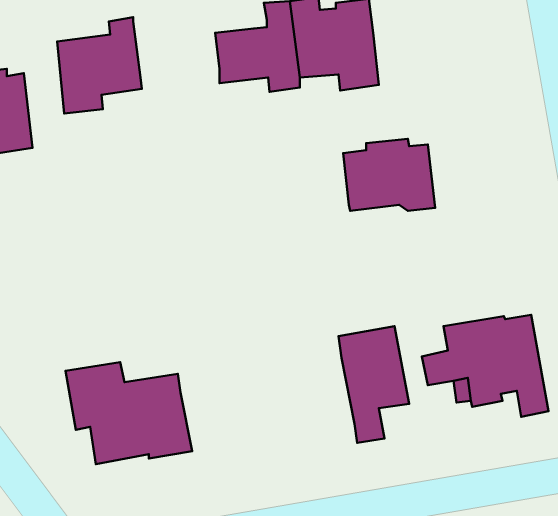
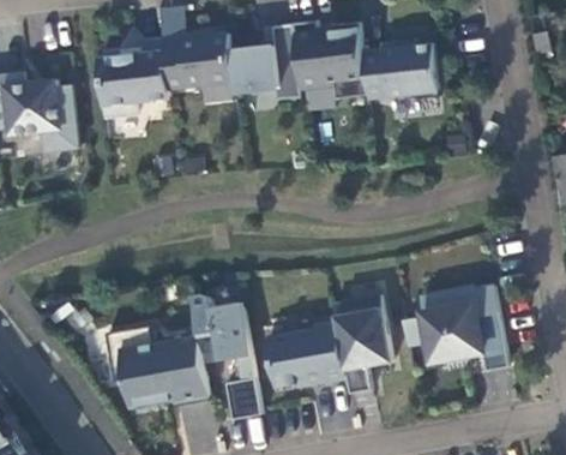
building: none -> [161,34,233,88]
building: [343,139,435,211] -> [361,38,438,98]
building: none -> [191,295,260,420]
building: none -> [265,322,345,388]

